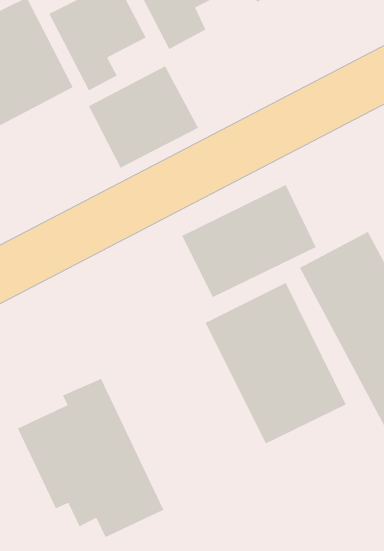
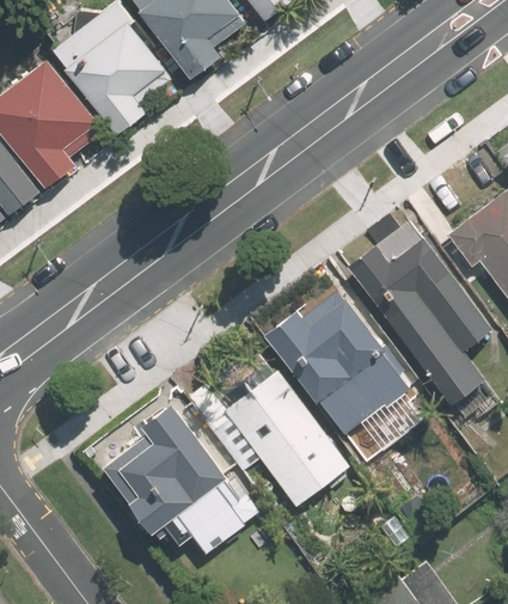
building: [88,65,199,169] -> none
building: [181,184,317,298] -> none
building: none -> [186,364,349,511]

